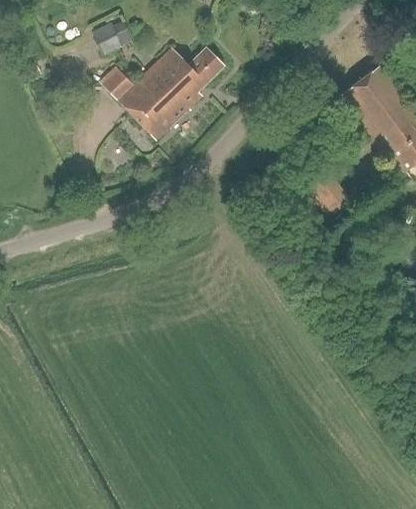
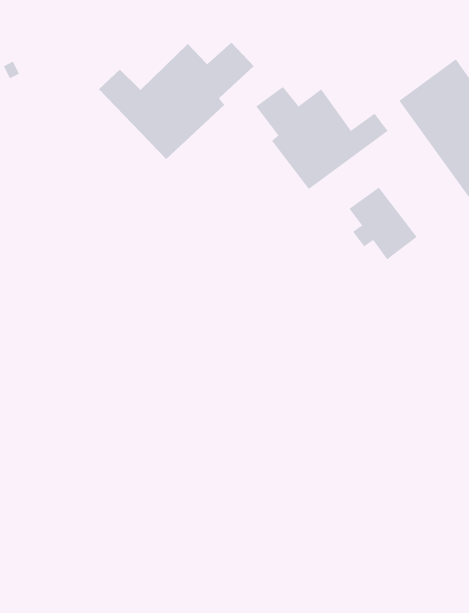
building: [96,22,135,56] -> none
building: none -> [256,86,388,190]

